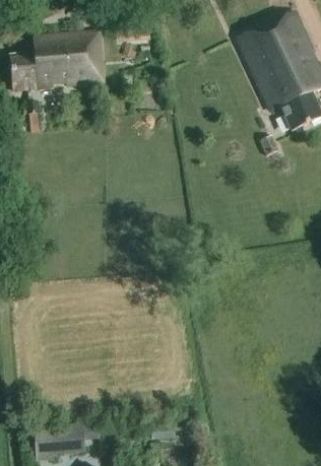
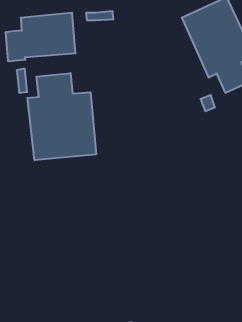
building: none -> [28,73,96,160]

